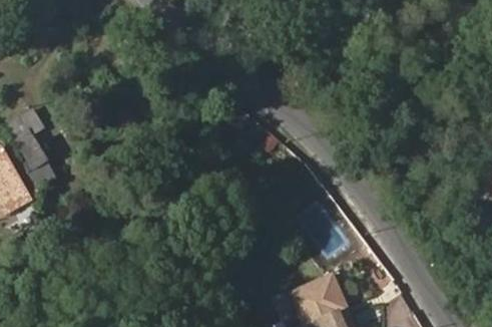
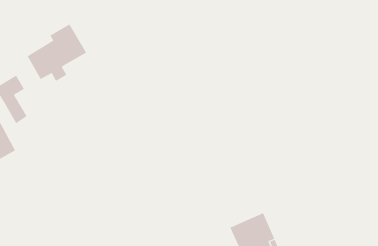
building: none -> [27,24,87,82]

